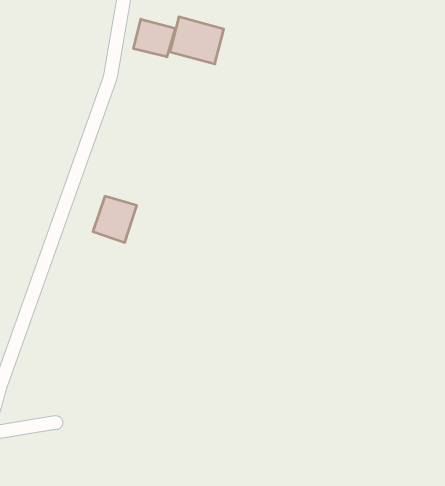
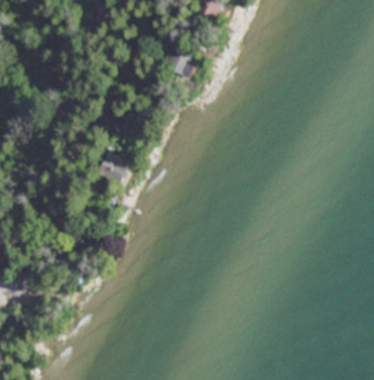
building: [134,19,175,57] -> none

